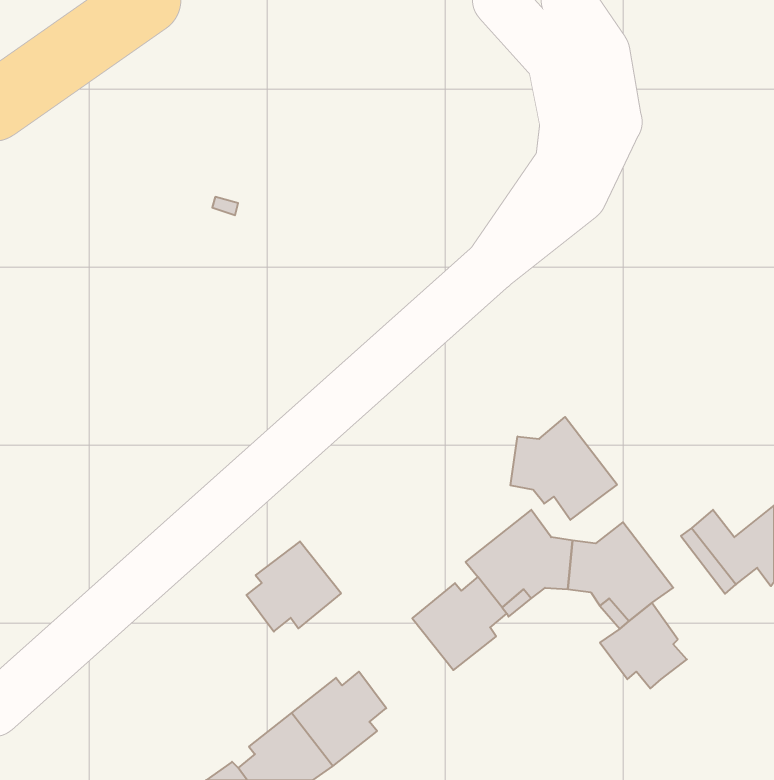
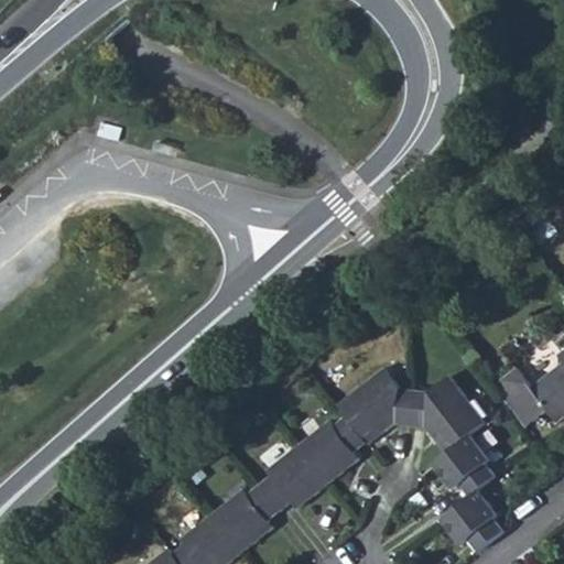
building: [510,417,617,520] -> none
building: [246,541,341,632] -> [259,446,327,511]
building: none -> [441,490,502,552]

